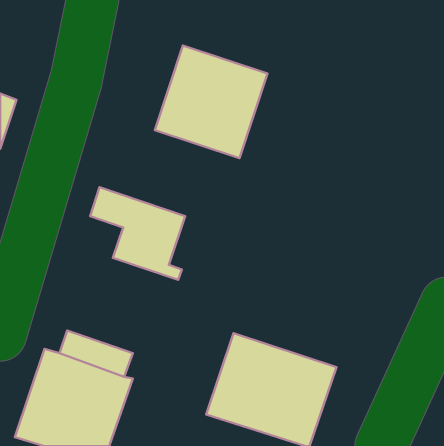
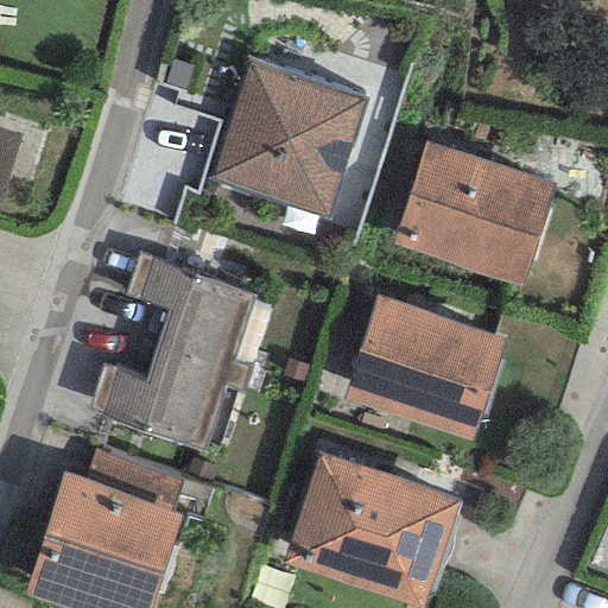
building: none -> [394,141,555,284]
building: none -> [346,296,508,441]
building: none -> [89,350,246,448]

